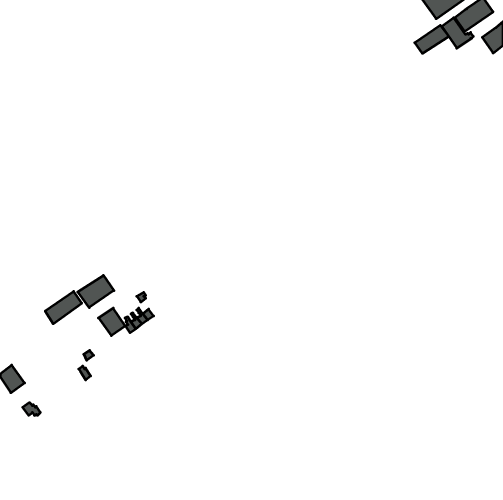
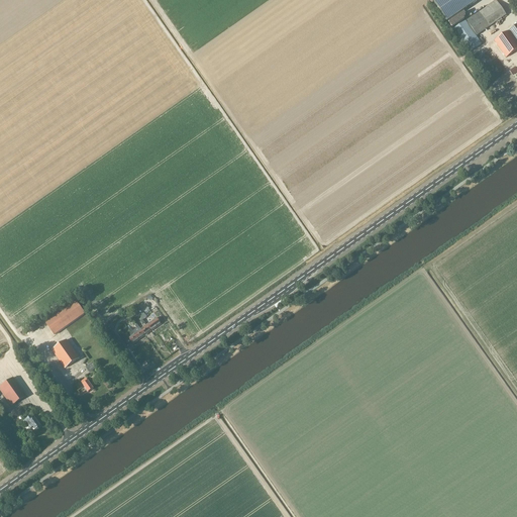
building: [415,25,449,53] -> none
building: [78,275,114,308] -> none
building: [98,308,125,336] -> [51,337,79,366]

